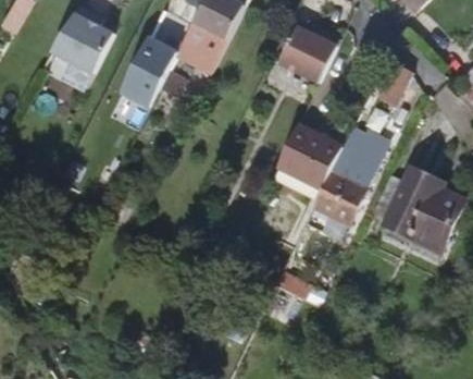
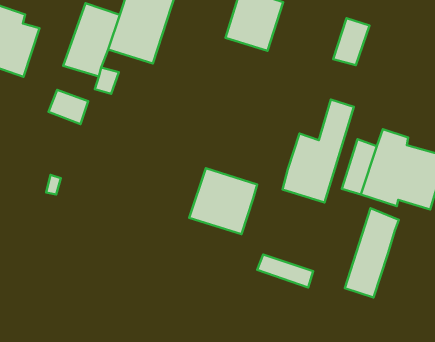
building: [273,129,338,193] -> [189,168,257,234]
building: none -> [345,208,399,298]

